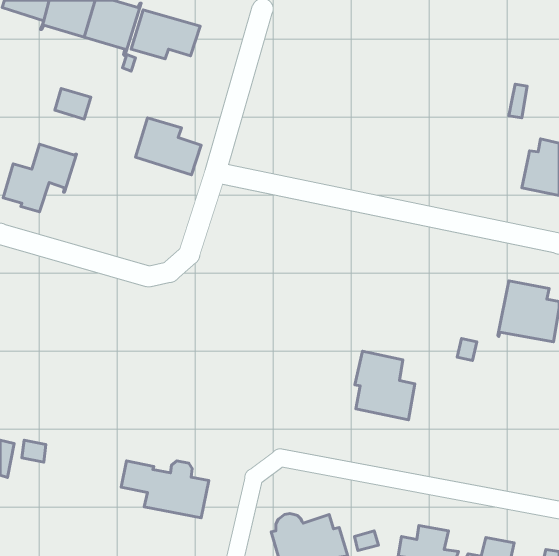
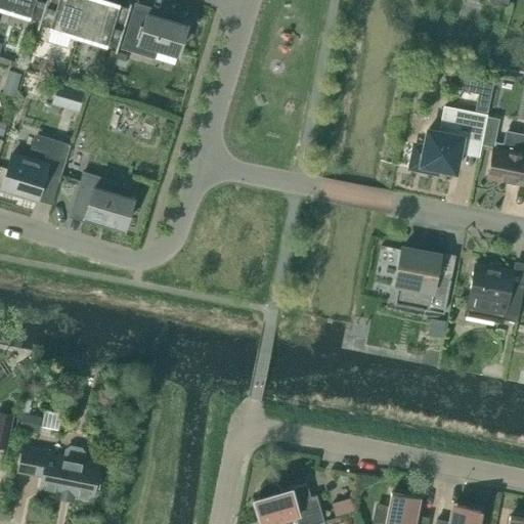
building: none -> [417,107,487,173]
building: [136,118,201,175] -> [73,175,134,228]
building: [355,351,415,420] -> [395,250,451,314]
building: [121,461,209,518] -> [18,447,100,500]

